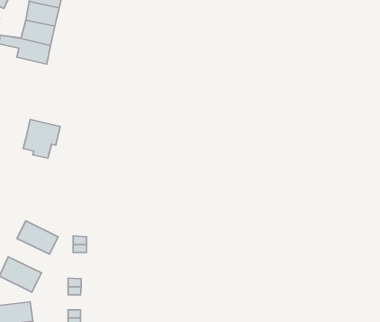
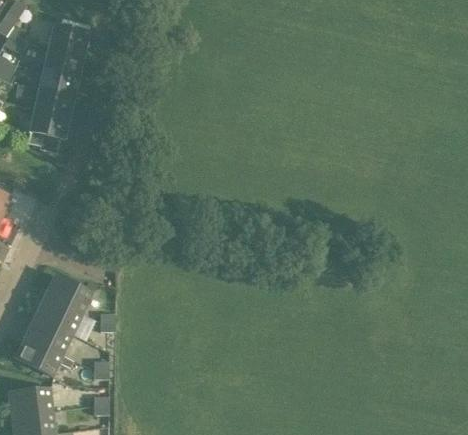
building: [23,119,60,158] -> [28,109,70,153]
building: none -> [46,274,93,313]
building: none -> [26,315,73,354]

